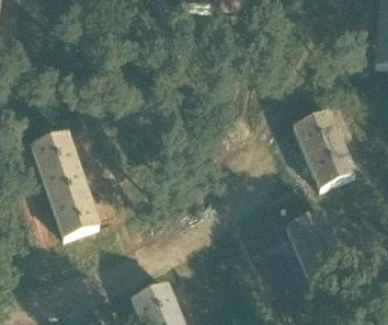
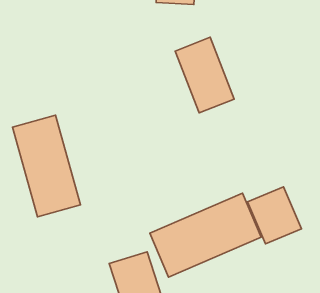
building: [294,106,358,189] -> [175,37,234,113]
building: none -> [150,193,261,277]

